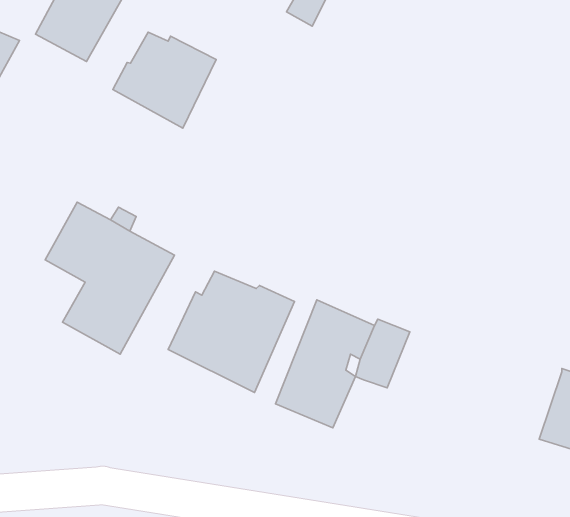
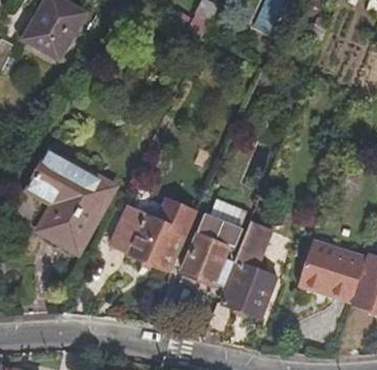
building: [113,32,216,128] -> none
building: none -> [298,242,367,302]
building: none -> [205,264,270,335]

